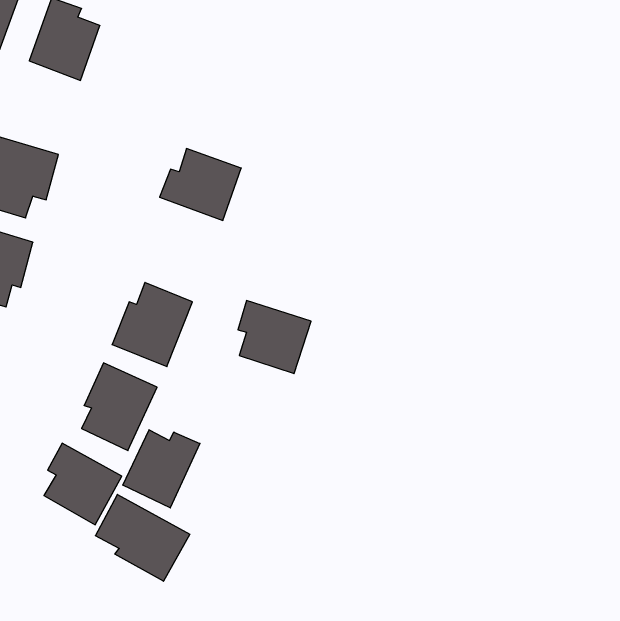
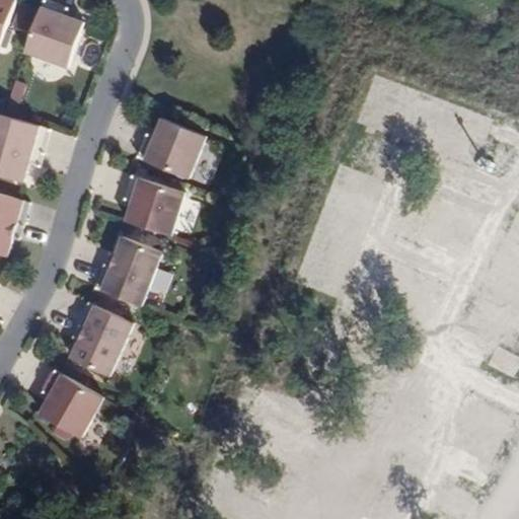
building: [238,301,311,374] -> [123,174,183,235]
building: [123,430,200,508] -> none
building: [95,494,190,581] -> none

